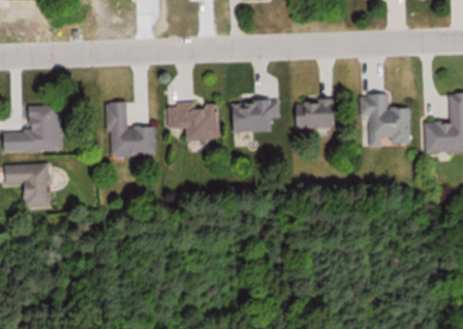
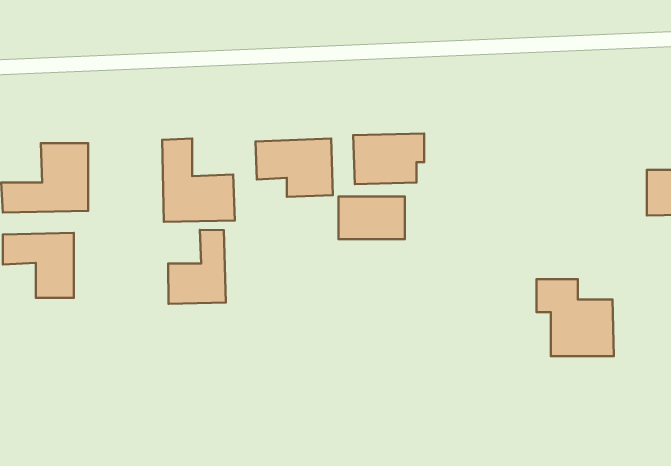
building: [359,93,409,144] -> [537,279,614,356]
building: [294,99,337,127] -> [339,196,405,239]
building: none -> [168,230,226,304]

